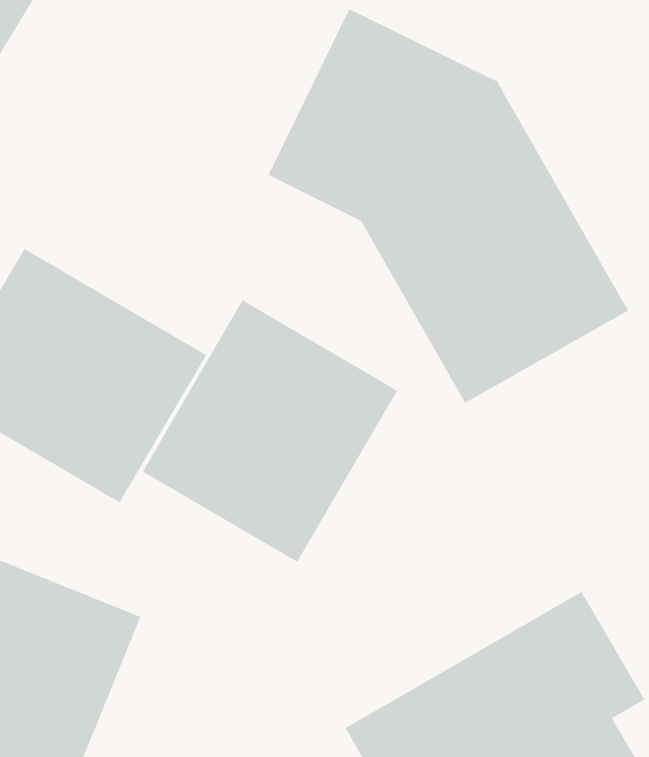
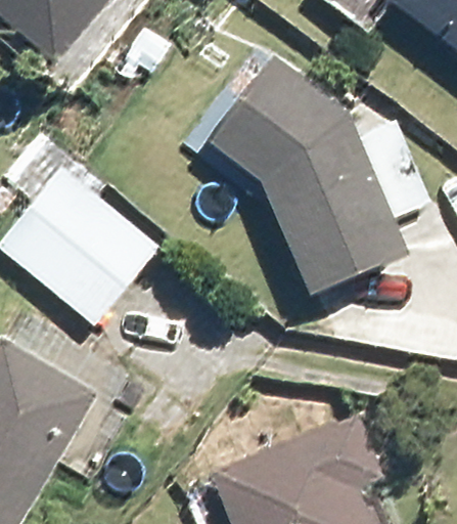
building: [142,299,398,563] -> none

